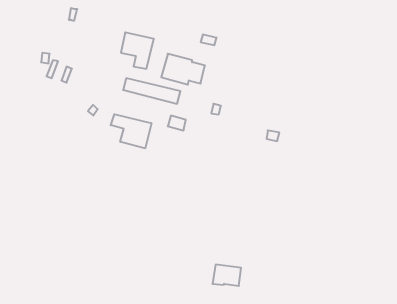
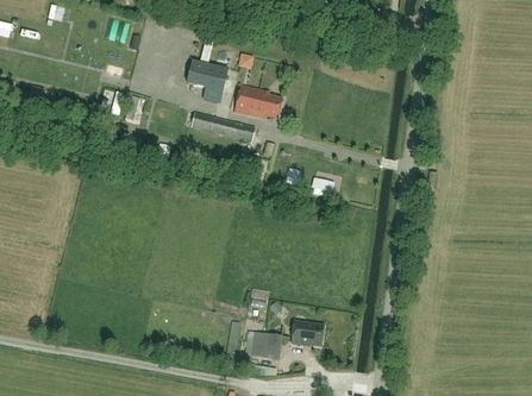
building: [111,114,151,148] -> none
building: none -> [250,331,281,358]

